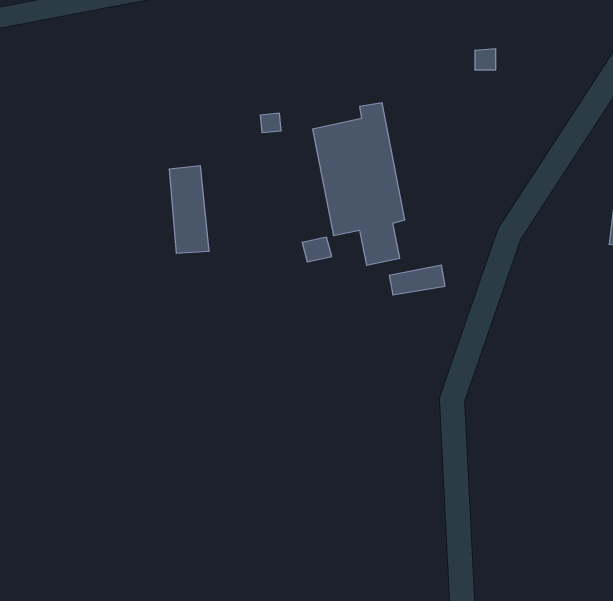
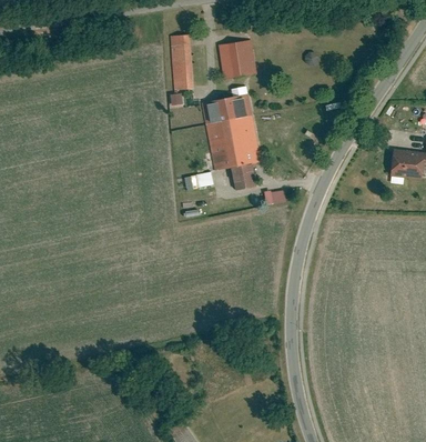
building: none -> [219,40,258,79]
building: [169,166,209,253] -> [169,34,194,90]

